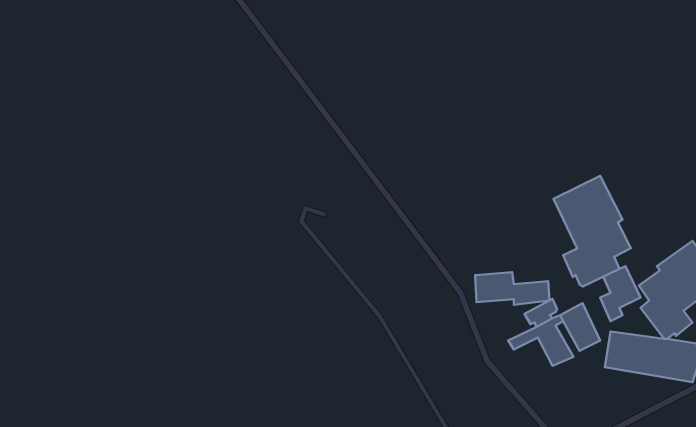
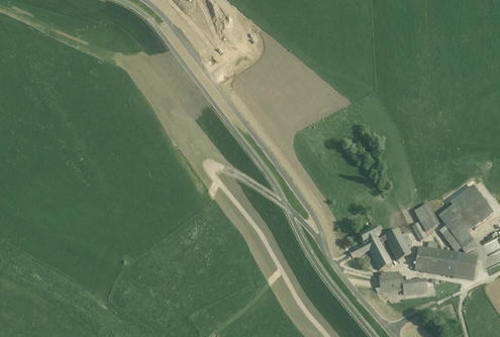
building: [554,176,631,286] -> none
building: [475,272,549,305] -> [377,272,427,295]

